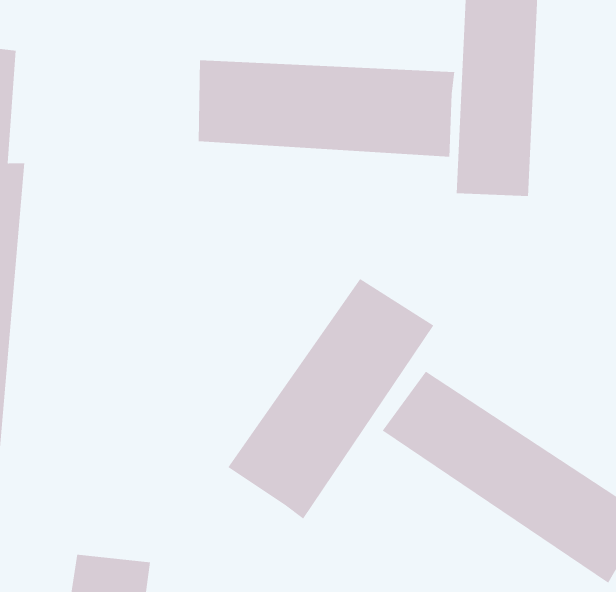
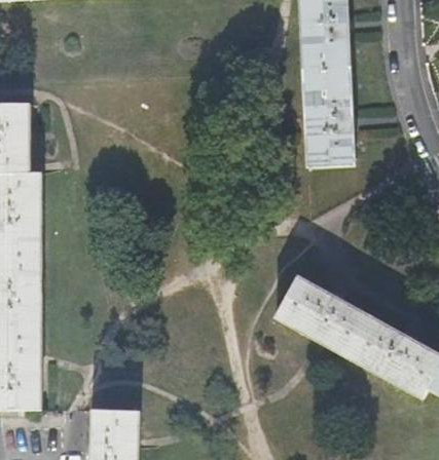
building: [198,59,455,158] -> none
building: [228,278,434,520] -> none

